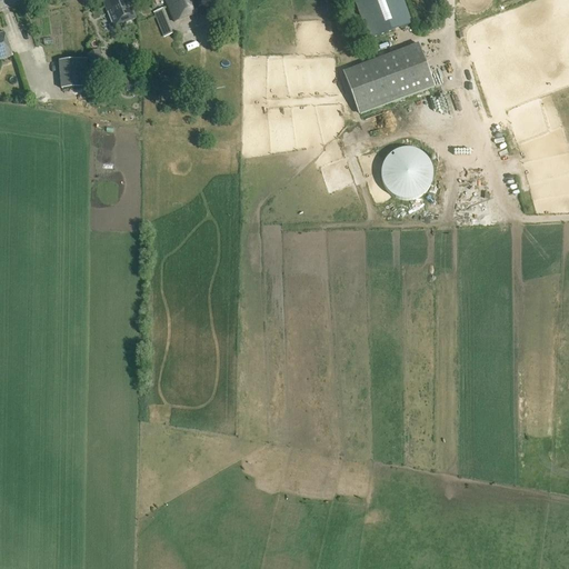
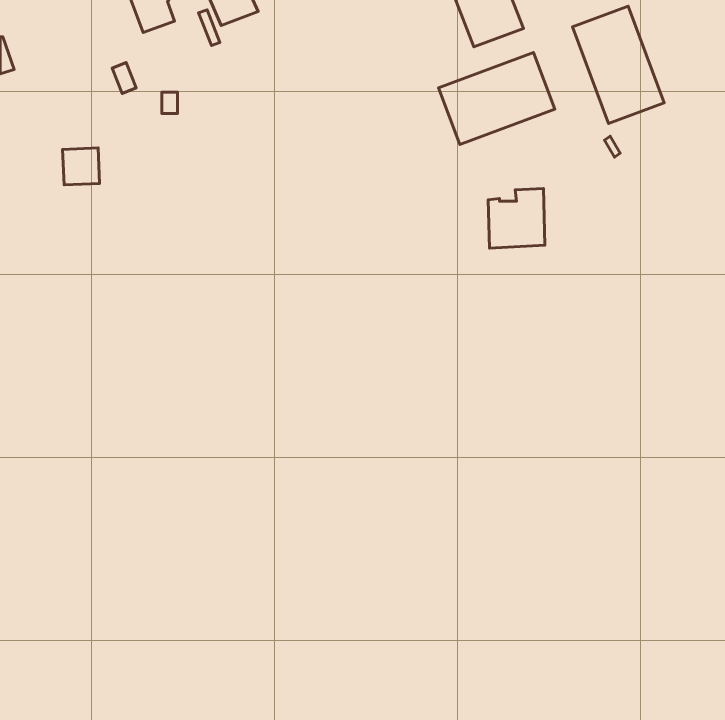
building: none -> [572,6,664,123]
building: [58,56,87,84] -> [63,148,99,185]

